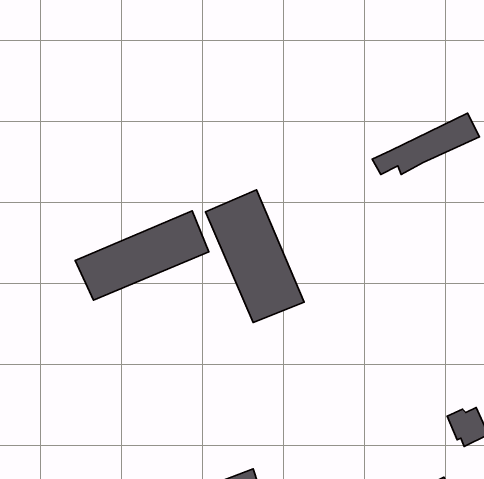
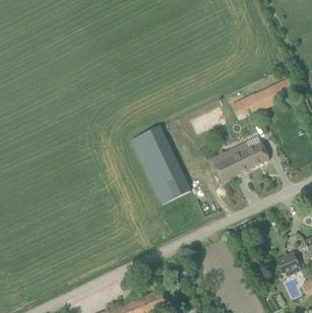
building: [75,211,209,300] -> none
building: none -> [210,144,269,182]

